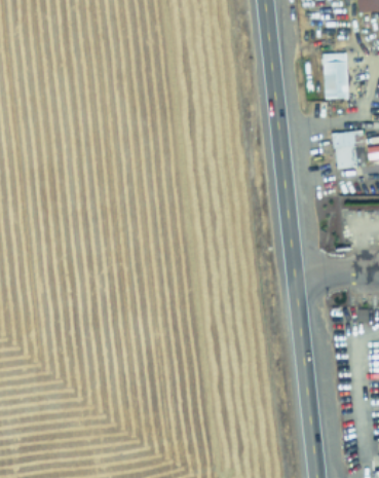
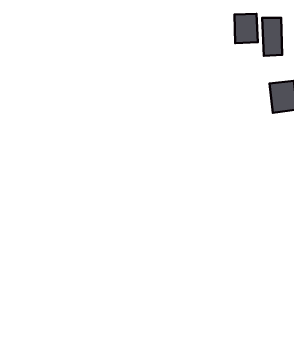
building: none -> [234,14,258,43]

